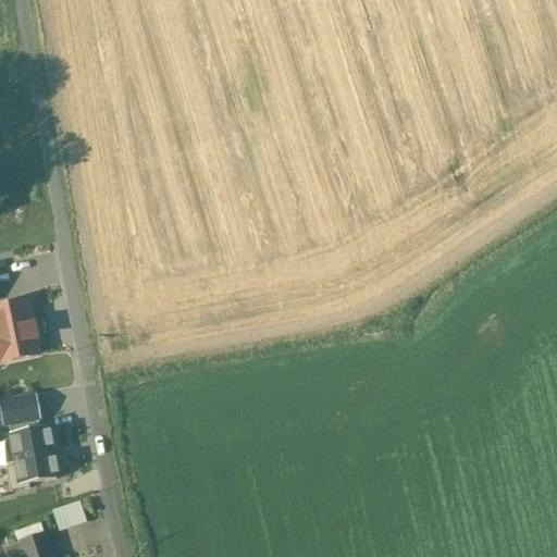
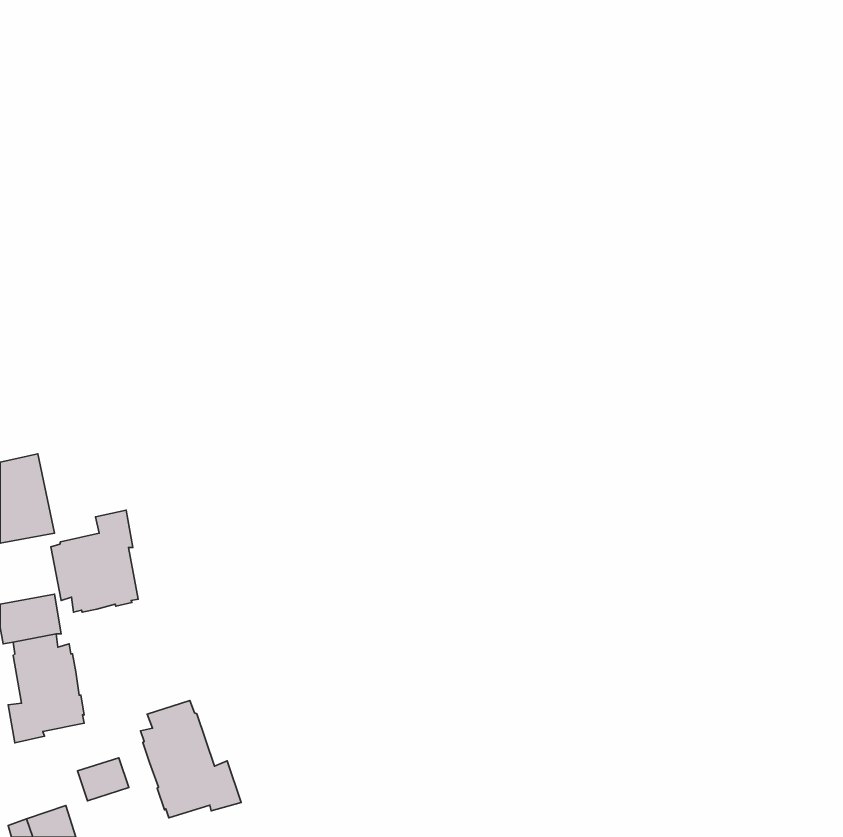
building: none -> [51,510,138,612]
building: none -> [141,700,241,818]

